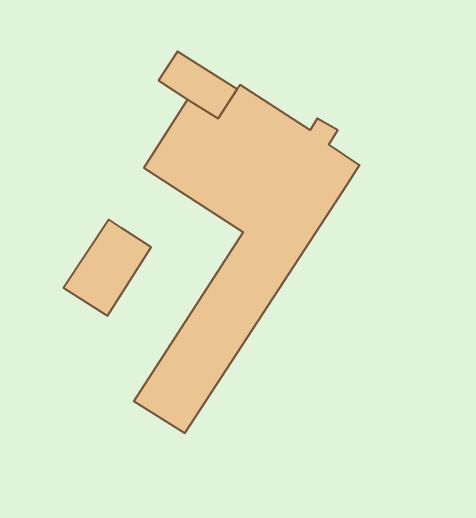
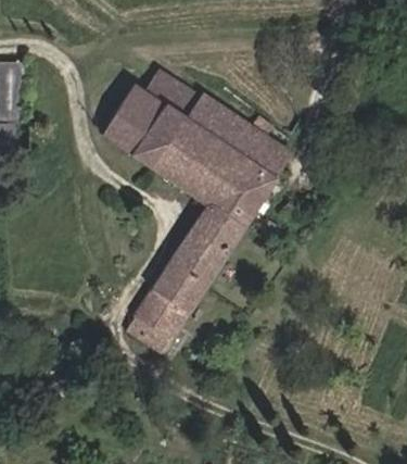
building: [64,220,151,316] -> [100,85,165,156]

